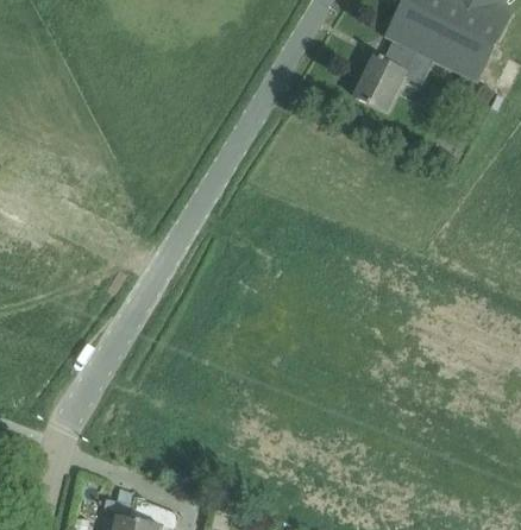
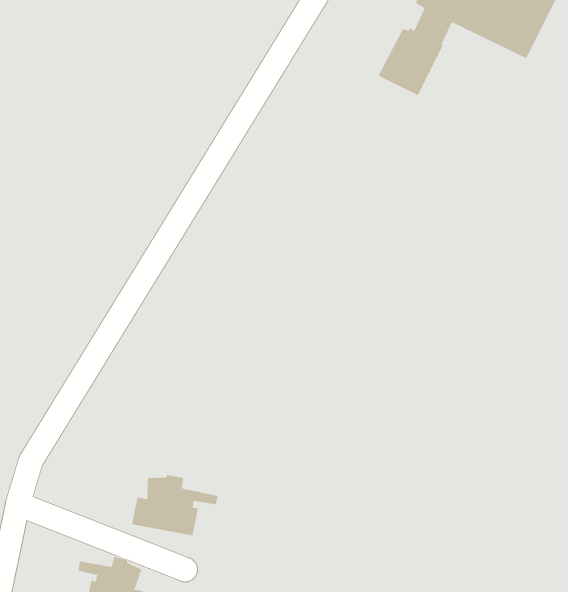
building: none -> [132,474,218,536]

